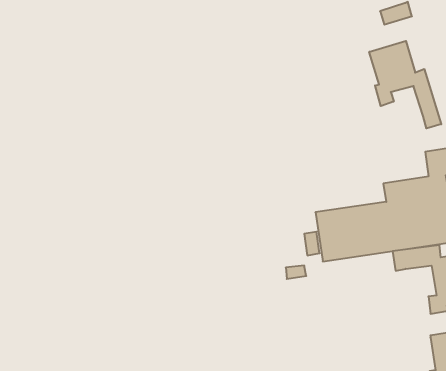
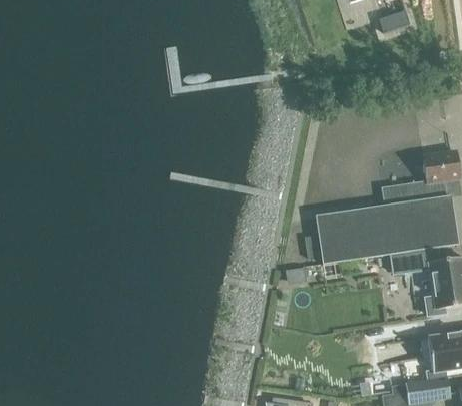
building: [369,41,441,128] -> none

